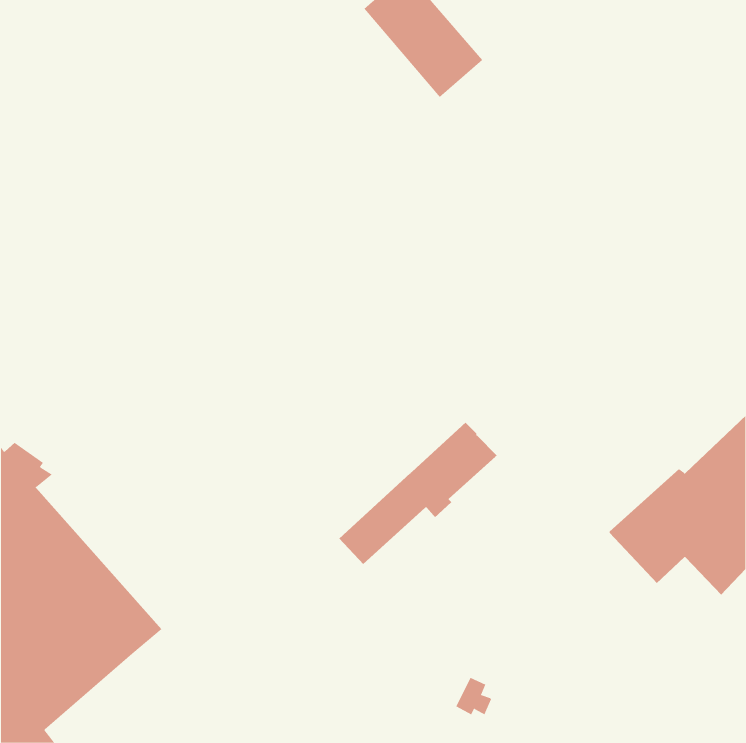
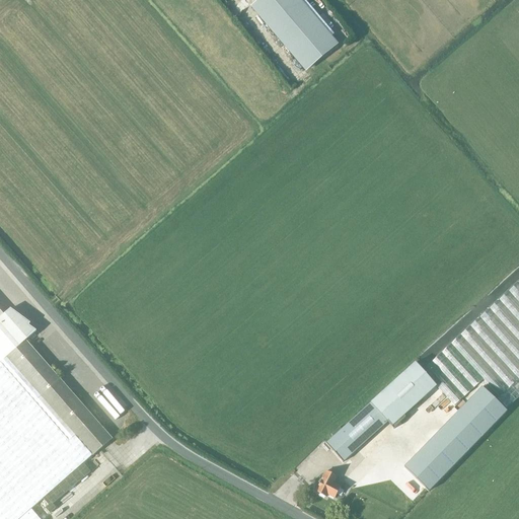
building: [338,422,497,565] -> [326,361,437,460]
building: none -> [391,395,496,495]

